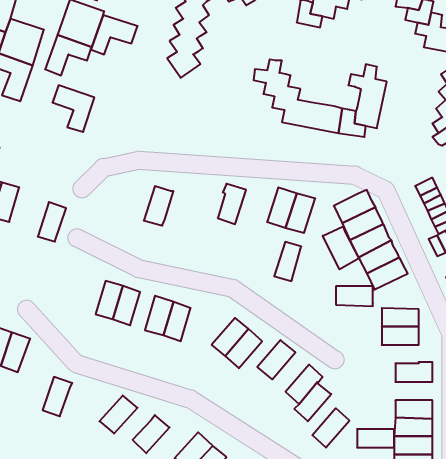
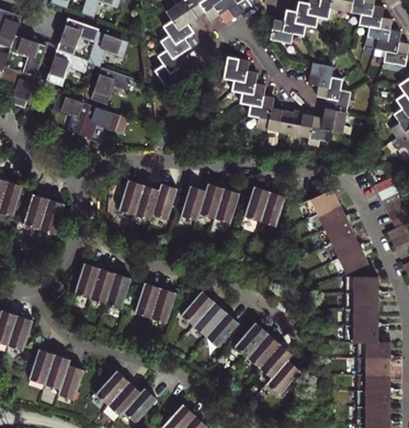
building: none -> [223,56,248,81]
building: none -> [308,63,332,87]
building: none -> [91,67,133,104]
building: none -> [77,105,124,148]
building: none -> [117,179,144,215]
building: none -> [152,182,177,218]
building: none -> [180,185,206,221]
building: none -> [23,194,49,229]
building: [323,227,359,269] -> none
building: [274,242,301,281] -> [215,188,239,223]
building: none -> [73,263,100,299]
building: [336,286,373,306] -> [345,277,378,294]
building: none -> [181,290,215,326]
building: none -> [345,326,378,342]
building: none -> [29,349,54,384]
building: none -> [58,364,83,401]
building: none -> [107,382,140,416]
building: [312,408,349,448] -> [248,333,281,368]
building: [357,429,394,448] -> [357,359,390,375]

